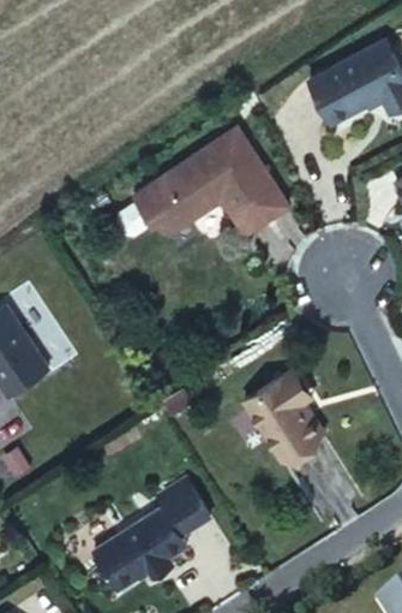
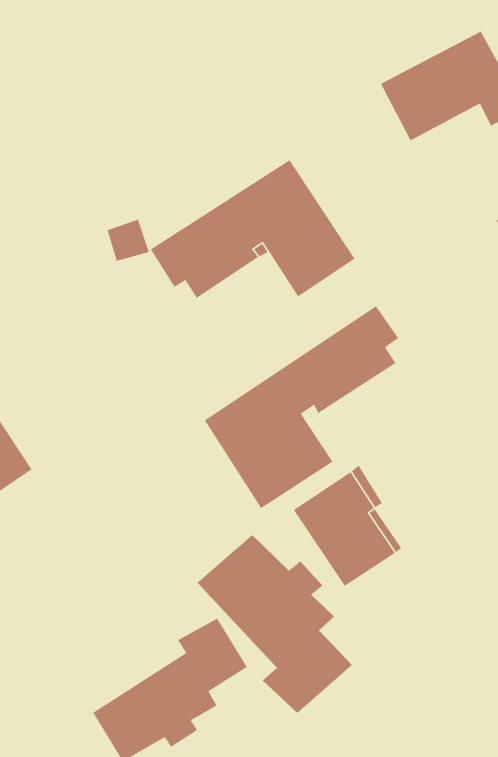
building: none -> [204,305,399,509]
building: none -> [197,534,353,714]

